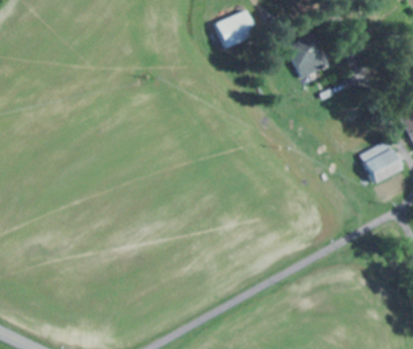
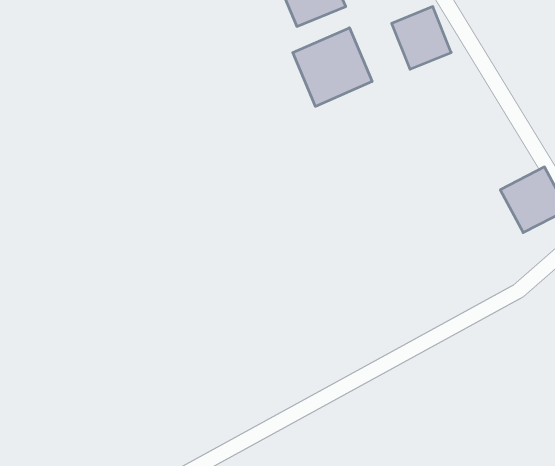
building: none -> [293,28,372,106]

